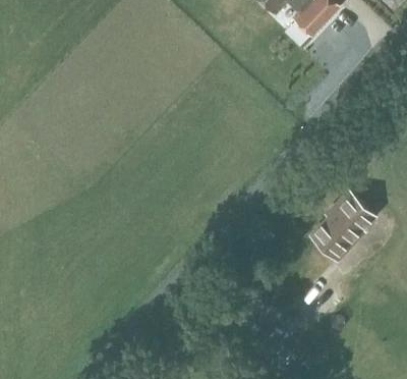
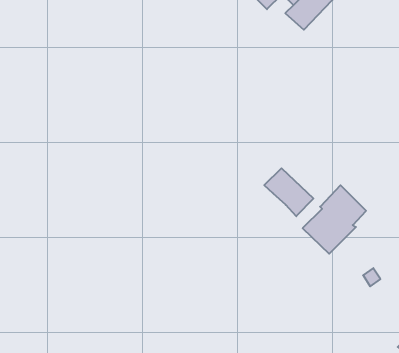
building: none -> [264,168,313,216]

